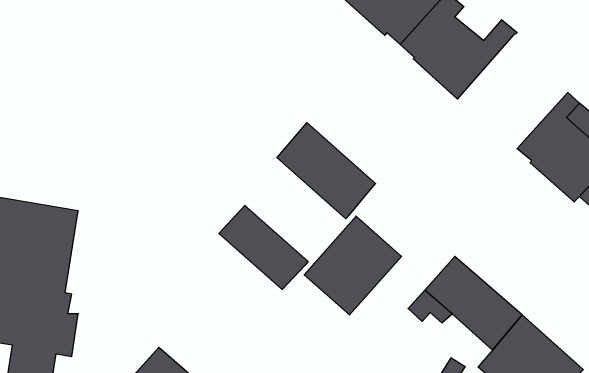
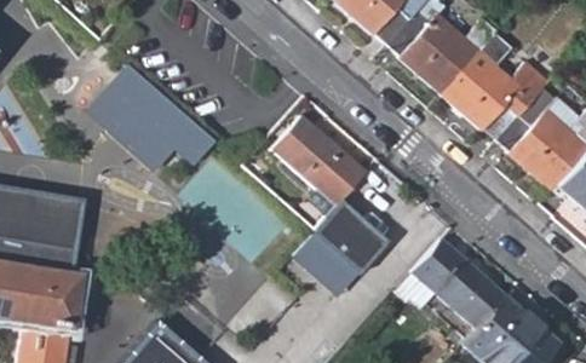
building: none -> [440,33,547,139]
building: none -> [90,65,217,168]
building: [219,205,308,290] -> none

